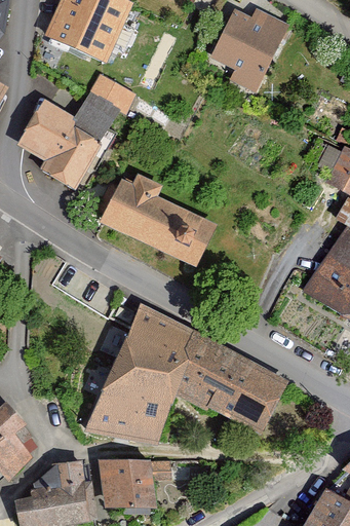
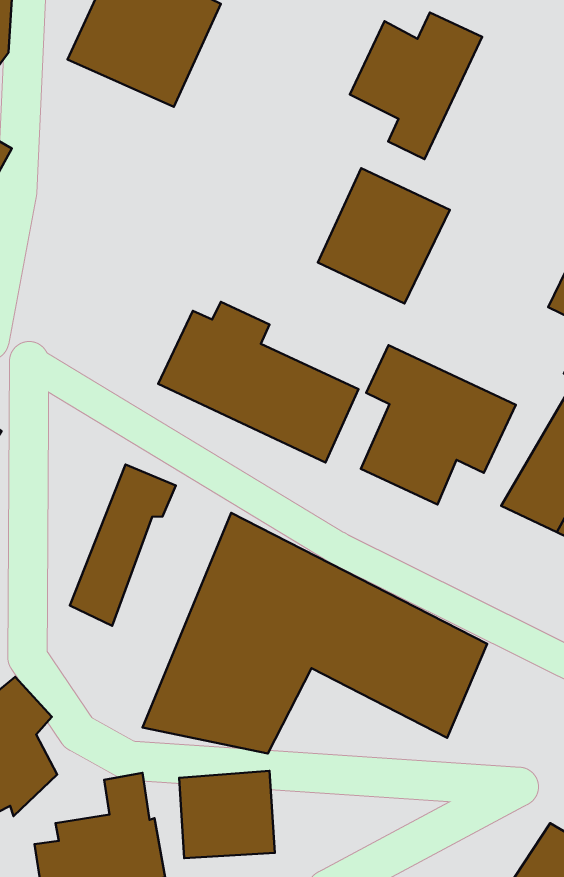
building: [18,74,127,192] -> none
building: none -> [318,168,450,303]
building: none -> [361,345,516,505]
building: none -> [70,465,176,626]

